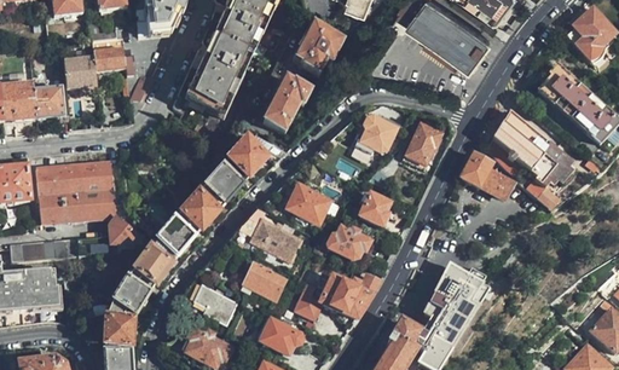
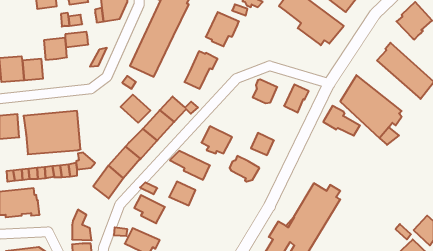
building: none -> [121,95,150,123]
building: [112,268,155,314] -> none
building: [295,276,378,318] -> none
building: [259,318,301,352] -> none

